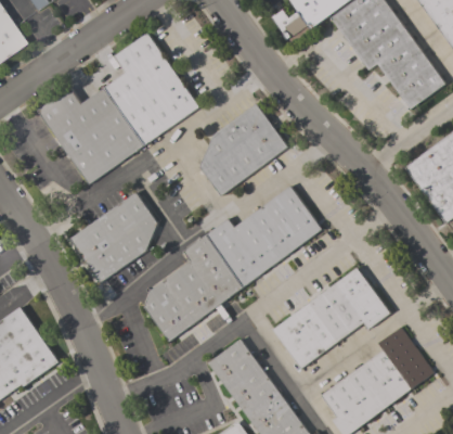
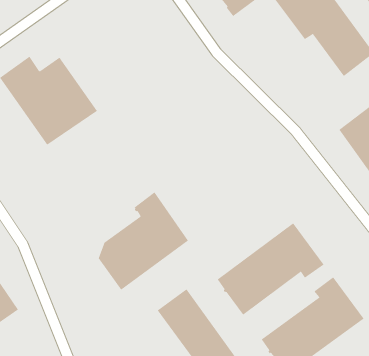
building: [104,33,198,145] -> none
building: [197,103,287,196] -> none
building: [206,186,322,288] -> none
building: [70,192,157,283] -> none

